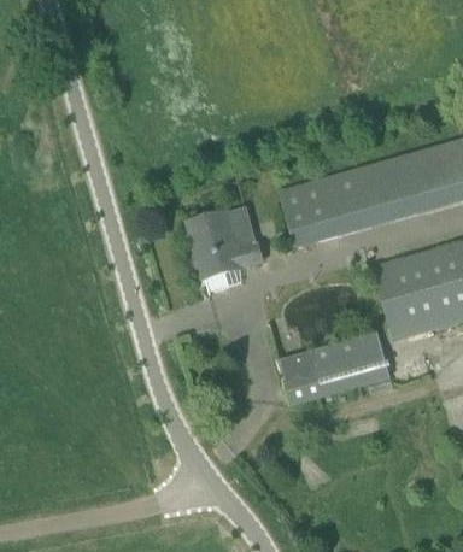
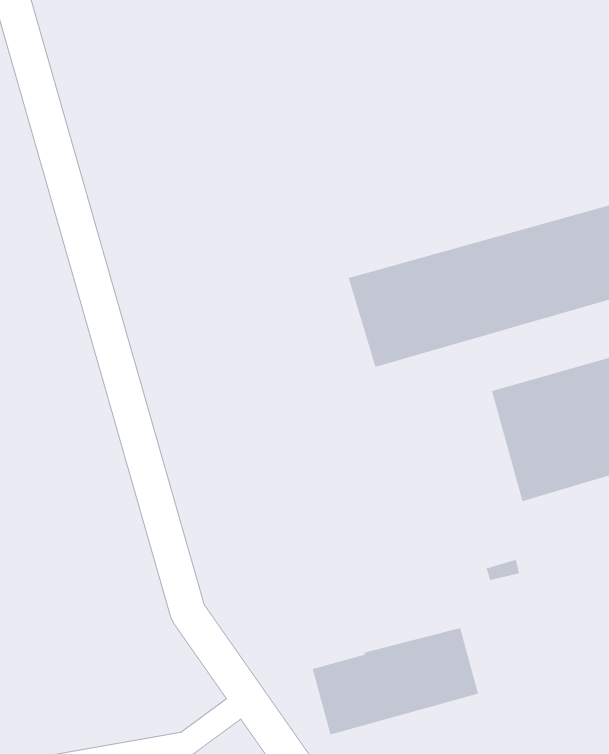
building: [187,206,262,292] -> none
building: [277,331,389,404] -> [312,628,479,735]

